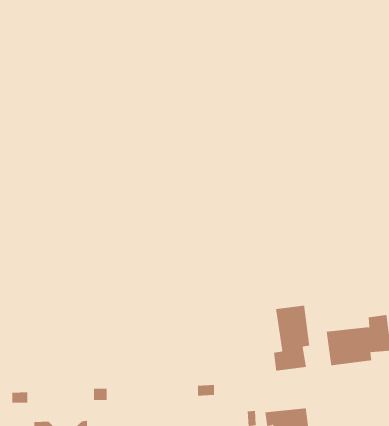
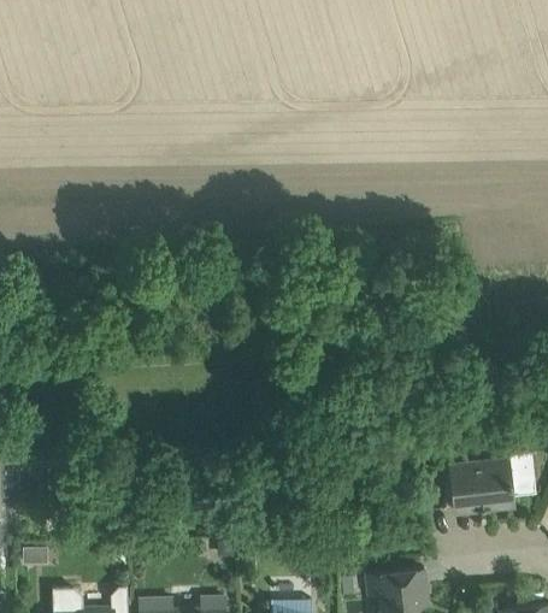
building: [274,305,310,372] -> none

